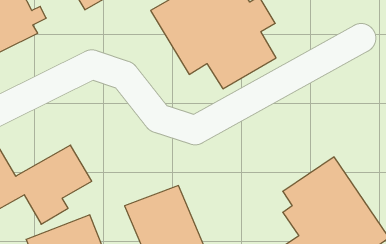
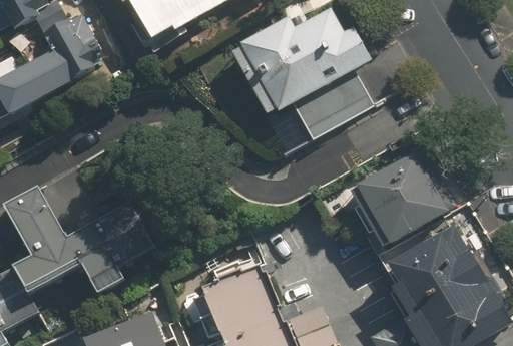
building: none -> [346,149,452,251]

